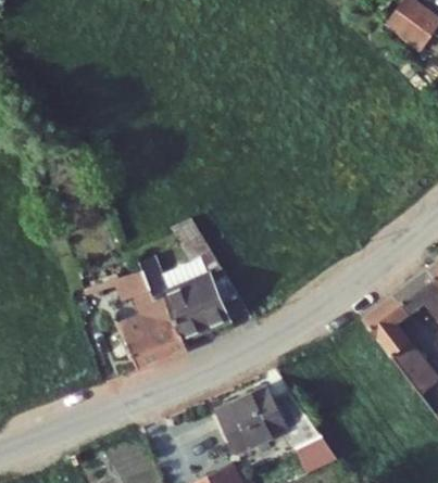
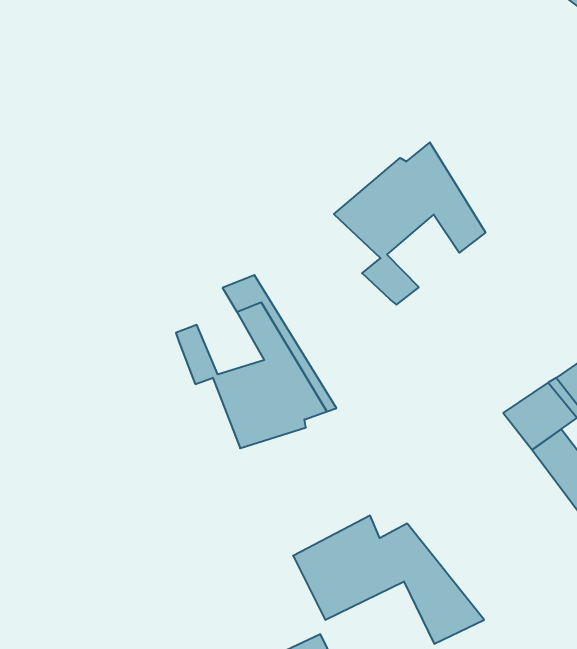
building: none -> [334,142,485,305]
building: [114,267,183,368] -> none

